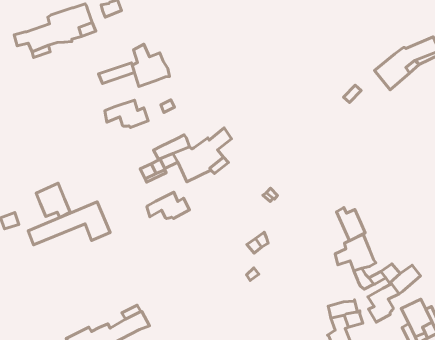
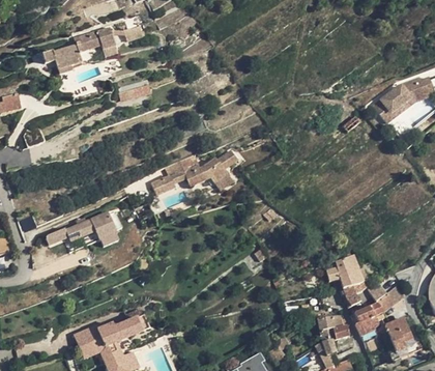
building: [132,44,170,87] -> none
building: [105,100,148,127] -> none
building: [36,183,70,218] -> none
building: [147,192,189,218] -> none
building: [336,208,365,241] -> none

